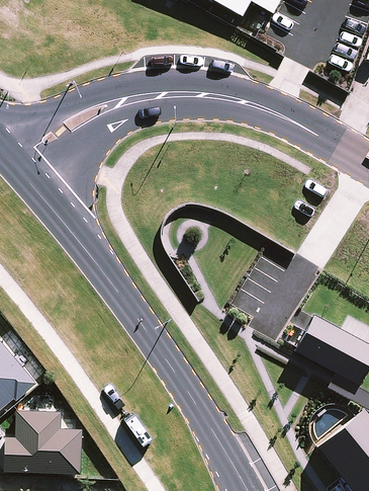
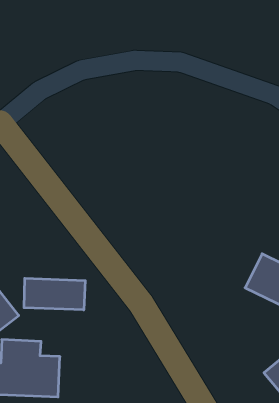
building: none -> [24,278,85,310]

